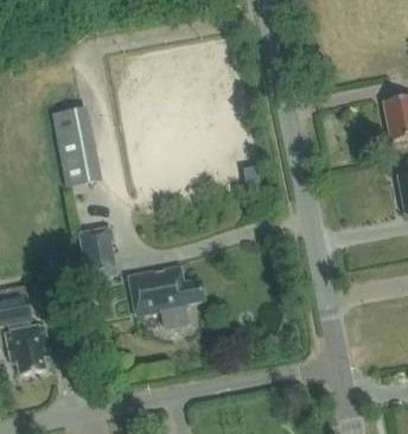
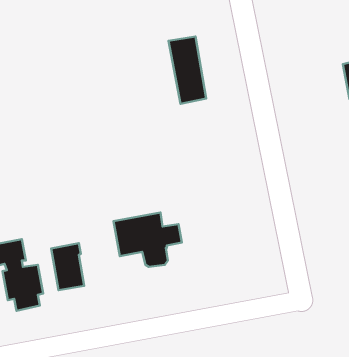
building: [53,109,95,184] -> [169,37,206,104]
building: [79,226,116,279] -> [51,243,84,290]

